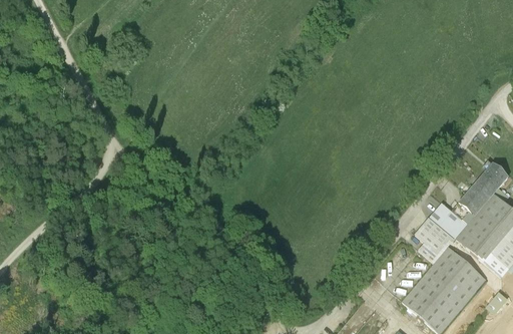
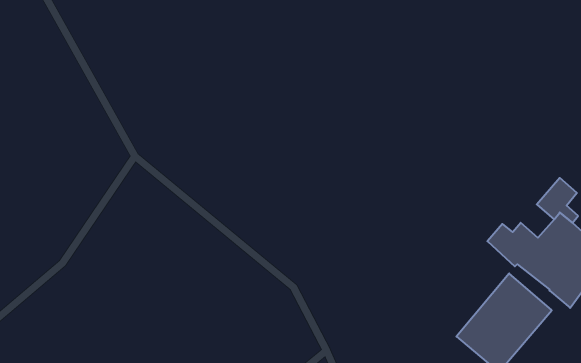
building: [459,187,488,216] -> none
building: [416,219,454,264] -> none

